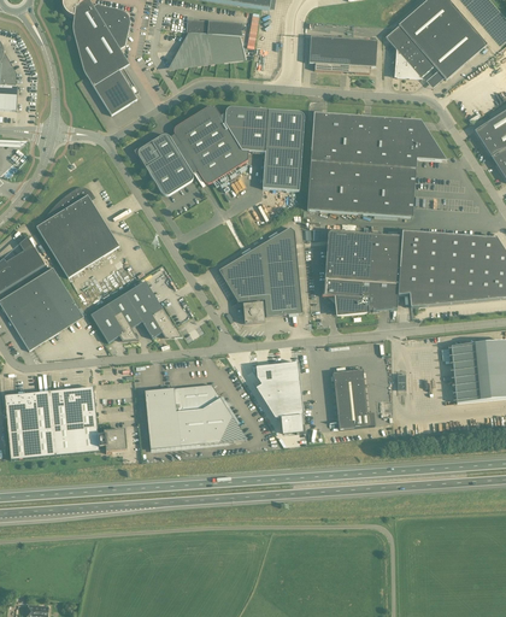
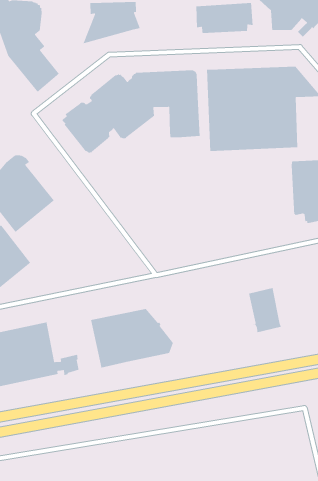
building: [219,225,302,322] -> none
building: [322,230,401,312] -> none
building: [90,280,176,341] -> none
building: [255,360,304,431] -> none

